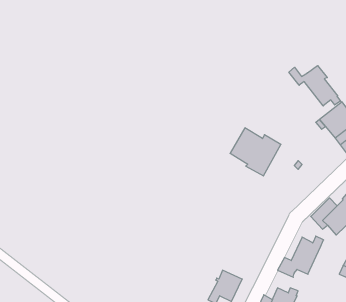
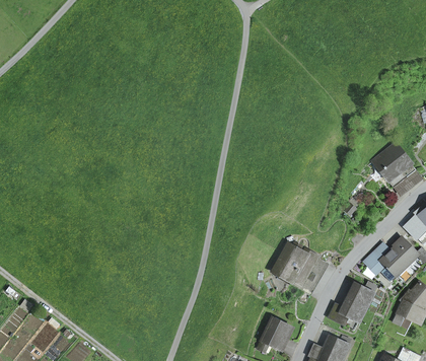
building: [289,66,341,106] -> none
building: [230,128,281,176] -> [273,243,326,293]

